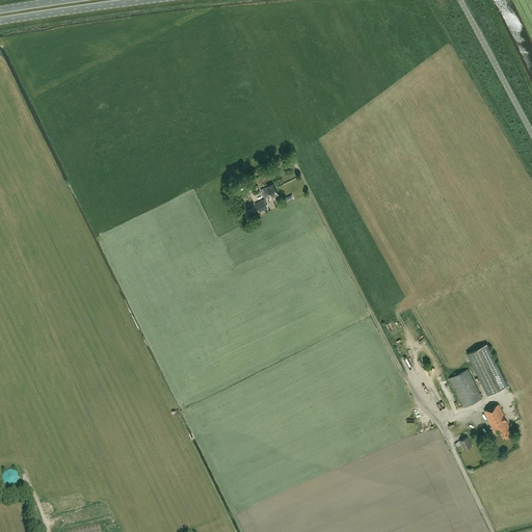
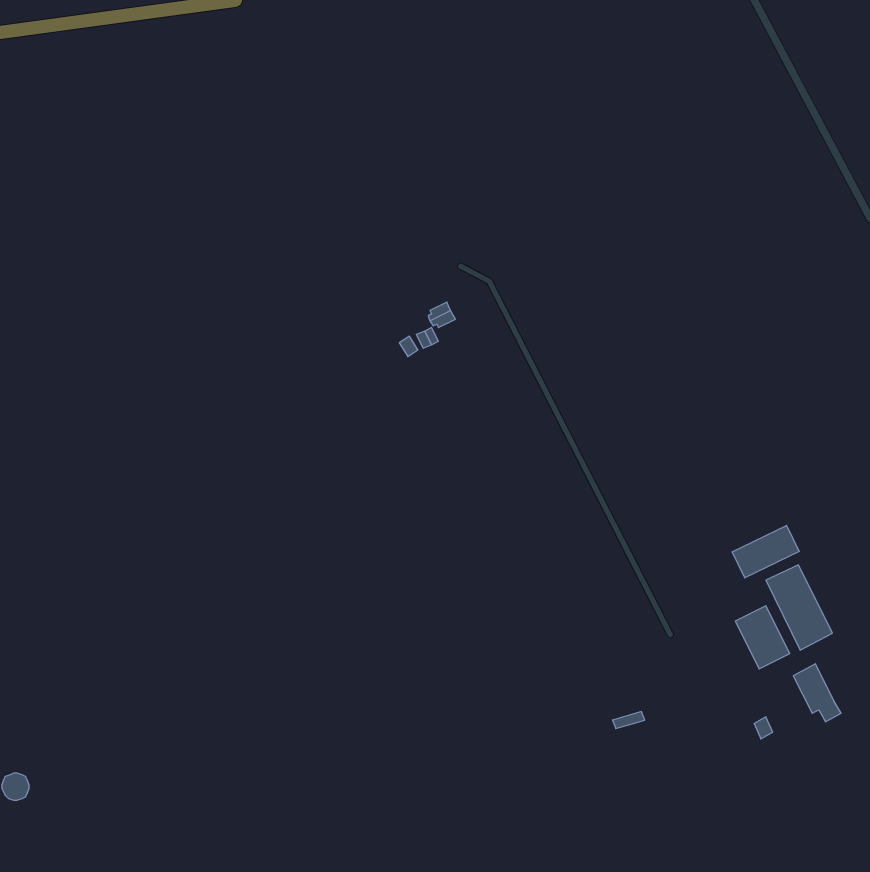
building: none -> [732,525,799,578]

